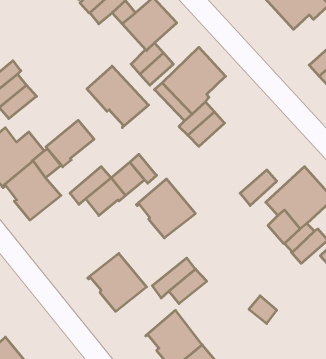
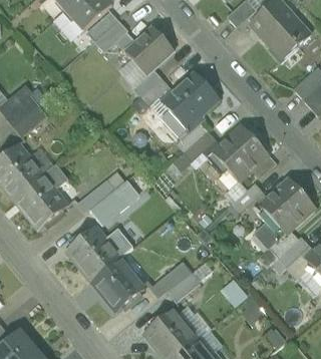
building: [87,66,149,128] -> none
building: none -> [208,125,268,181]
building: [46,120,94,167] -> none
building: [136,179,195,238] -> [68,227,121,280]

